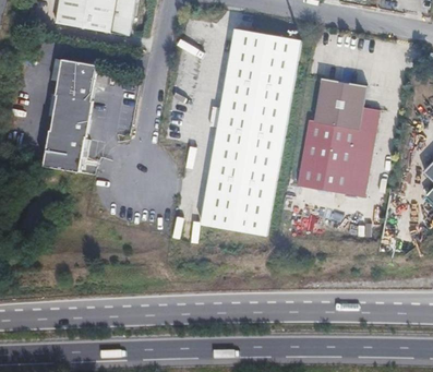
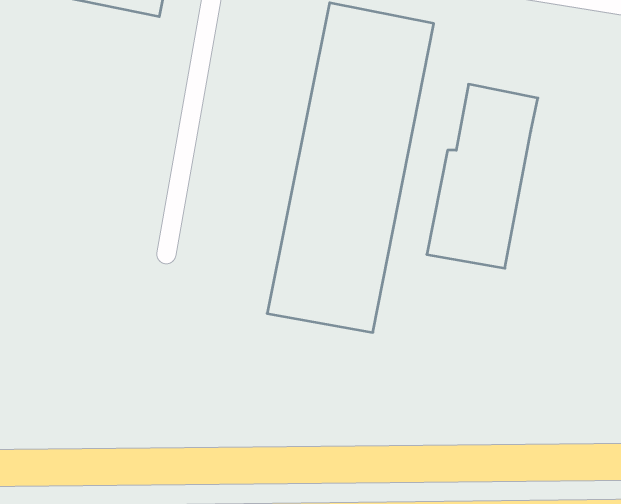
building: [43,58,99,170] -> none
building: [346,108,380,197] -> none

